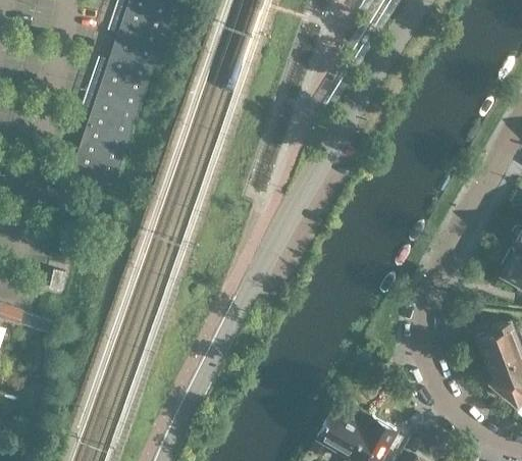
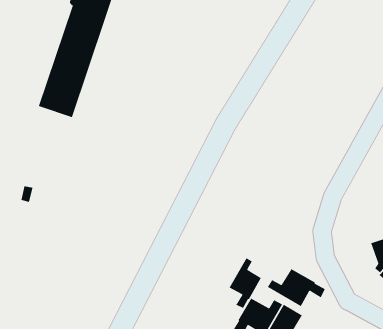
building: none -> [228,257,262,309]
building: none -> [267,268,326,307]

